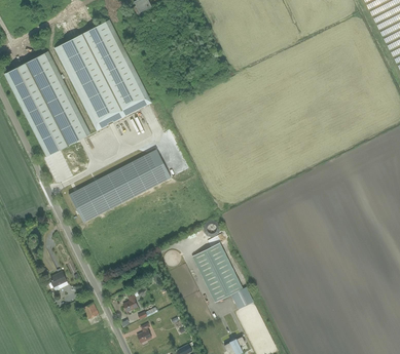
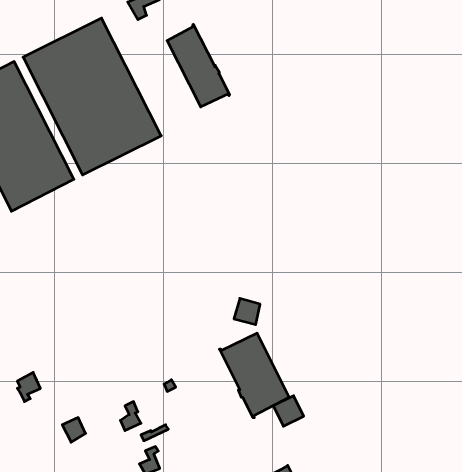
building: none -> [167,24,230,107]
building: [69,149,171,222] -> none

